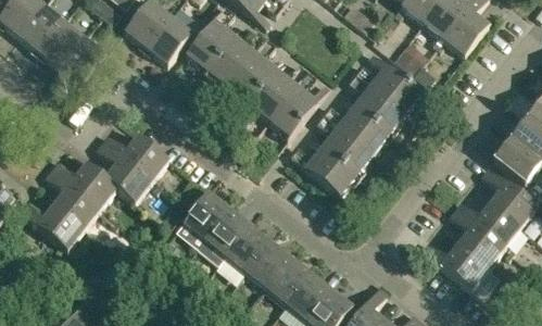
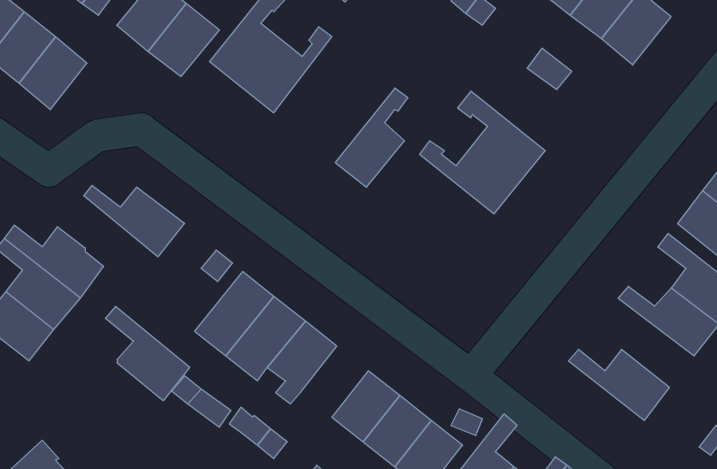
building: [228,38,307,121] -> none
building: [357,66,421,113] -> none
building: [290,115,373,197] -> none
building: [97,142,152,204] -> [105,306,190,401]
building: [449,210,504,268] -> none
building: [245,241,290,288] -> none

